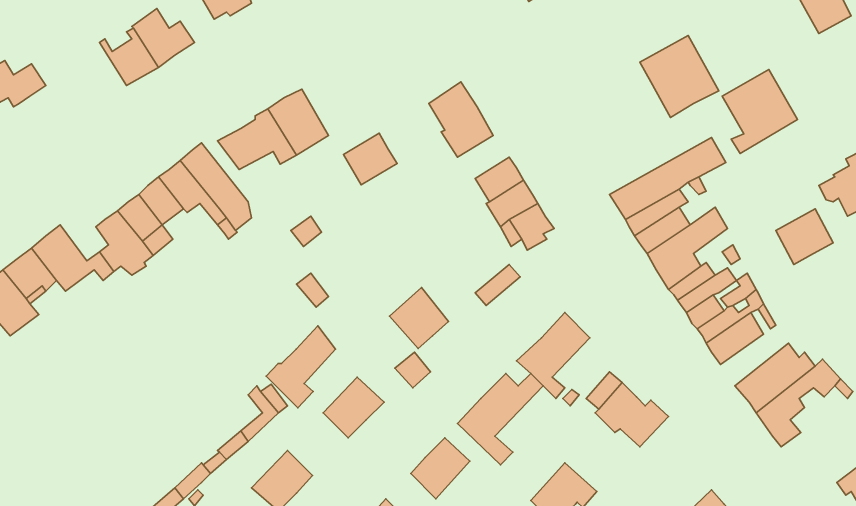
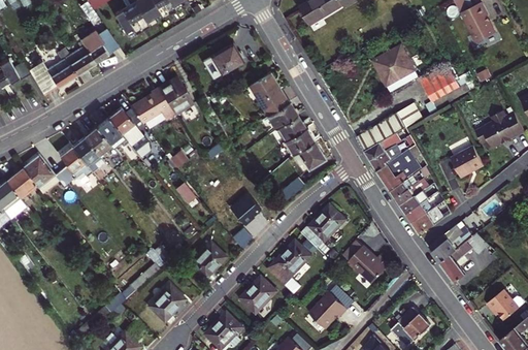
building: none -> [28,49,76,95]
building: [343,133,397,185] -> [210,43,241,73]
building: none -> [267,101,297,128]
building: [266,326,336,408] -> none

